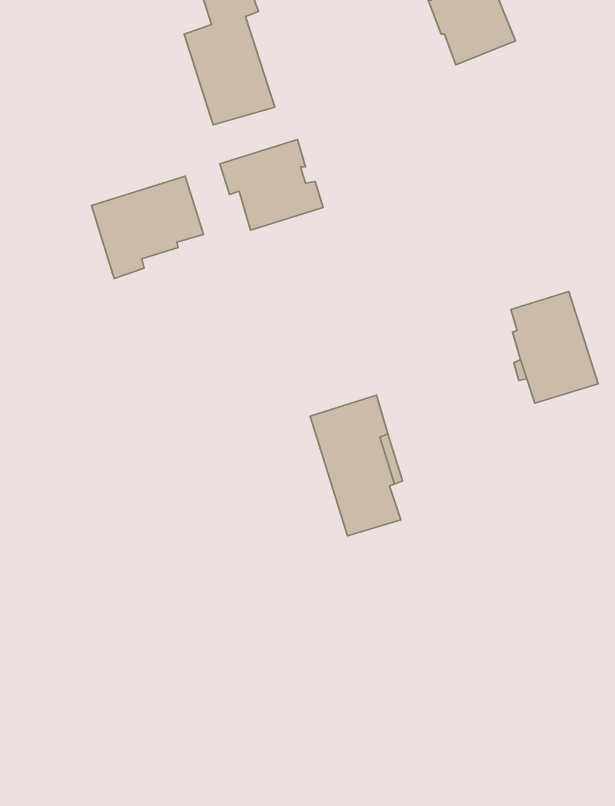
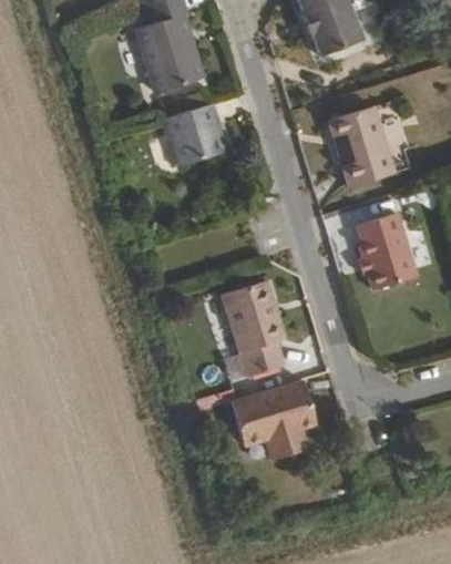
building: none -> [331,101,396,181]
building: [92,176,204,278] -> none
building: none -> [230,381,316,460]

